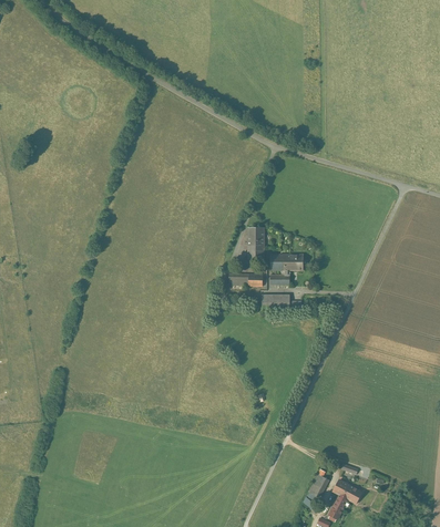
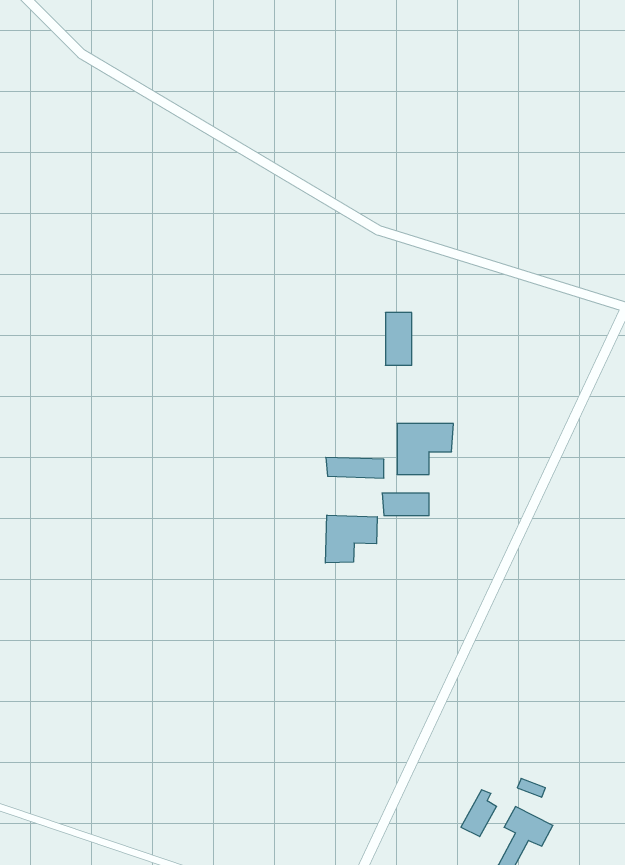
building: [247,227,263,258] -> [385,313,412,365]
building: none -> [325,515,377,563]

